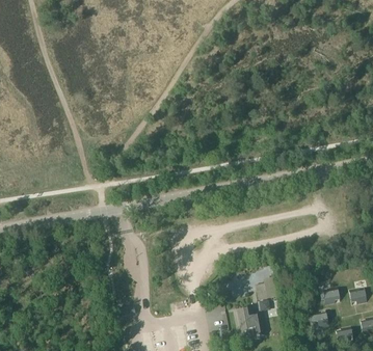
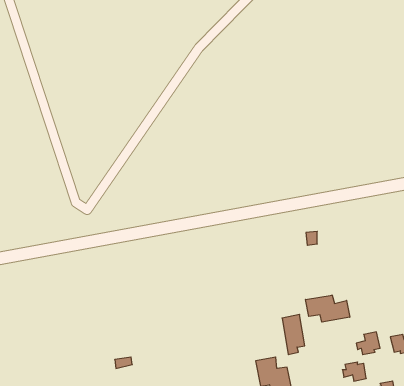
building: none -> [306,295,350,322]

